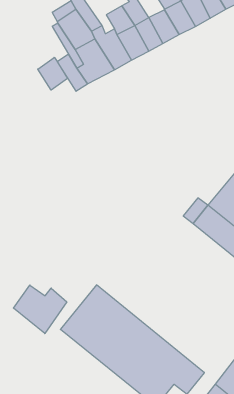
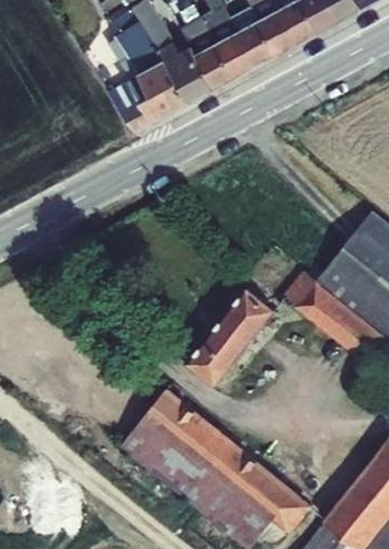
building: [38,57,67,90] -> none
building: none -> [188,289,275,382]
building: [13,285,67,334] -> none

